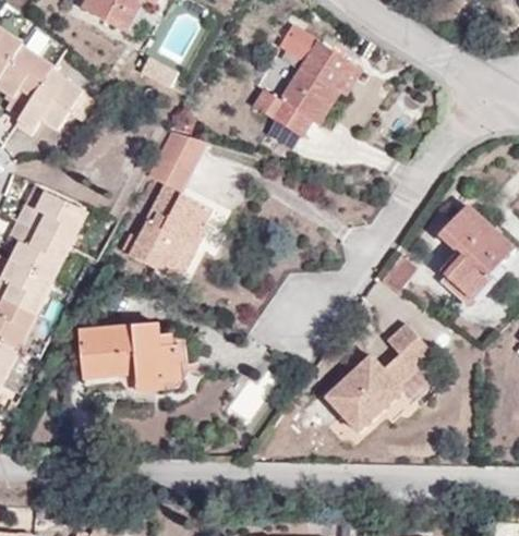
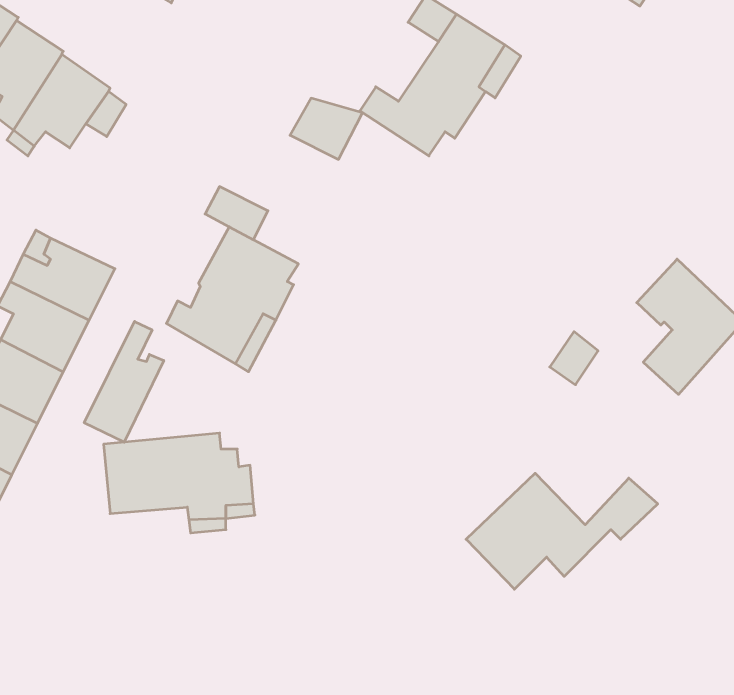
building: [157,132,206,173] -> [290,98,363,159]
building: none -> [84,321,164,442]
building: [384,322,434,386] -> none

